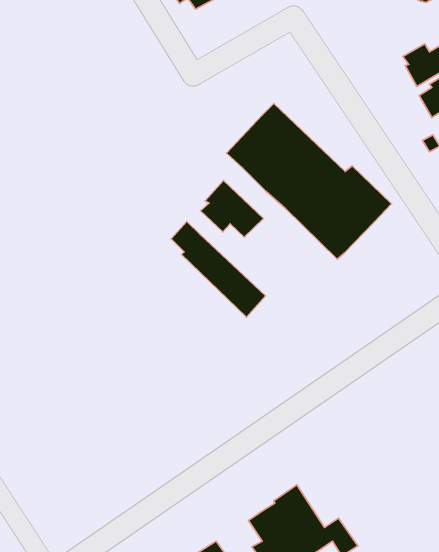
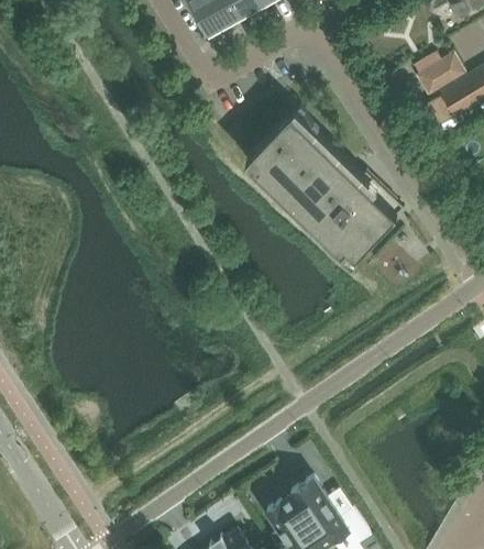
building: [200,181,264,237] -> none
building: [171,221,265,317] -> none

